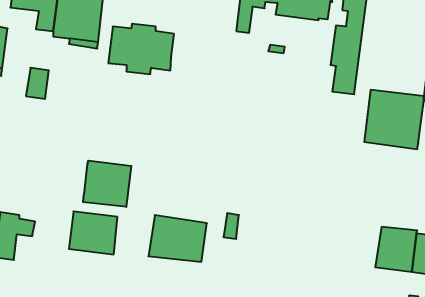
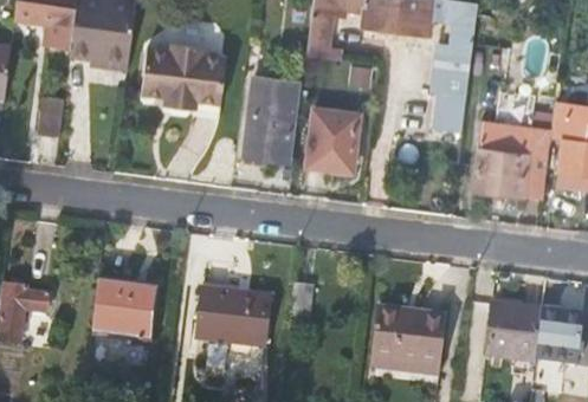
building: none -> [241,74,299,161]
building: none -> [309,110,361,170]
building: [83,161,131,207] -> none
building: none -> [369,306,447,376]

